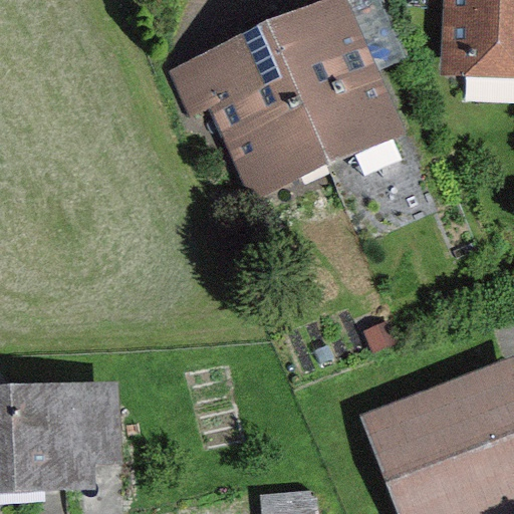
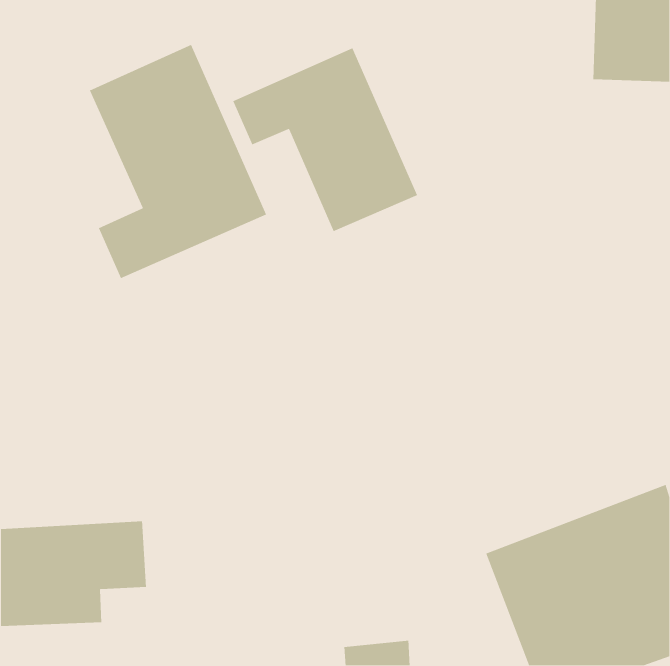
building: [270,7,402,174] -> none
building: none -> [89,44,267,279]

